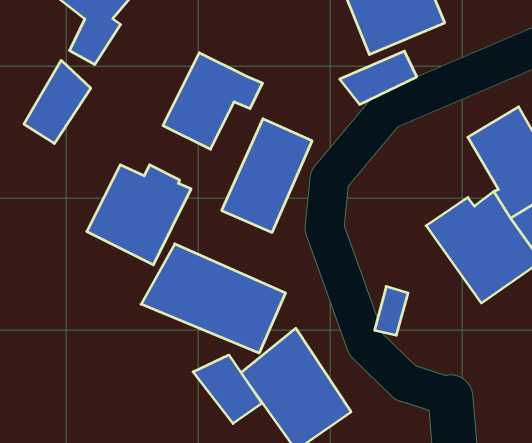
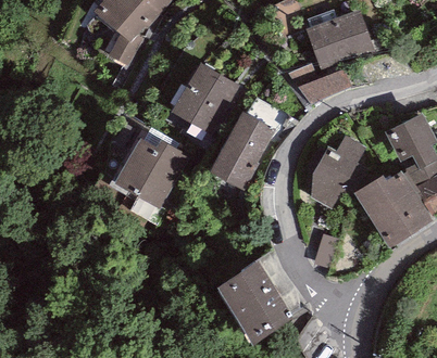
building: [24,60,91,144] -> none
building: none -> [310,135,365,208]
building: [141,244,285,353] -> none
building: [193,355,262,424] -> none

